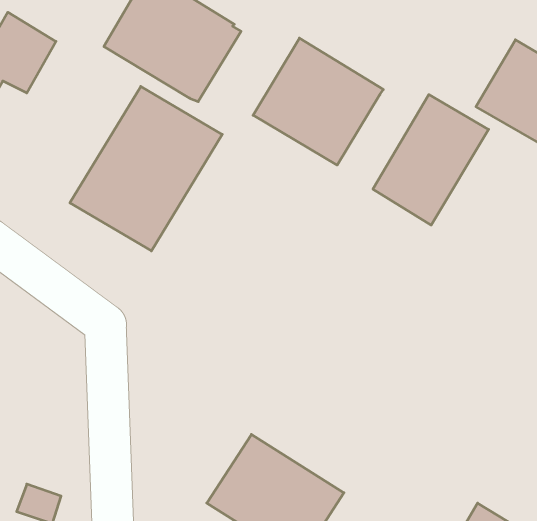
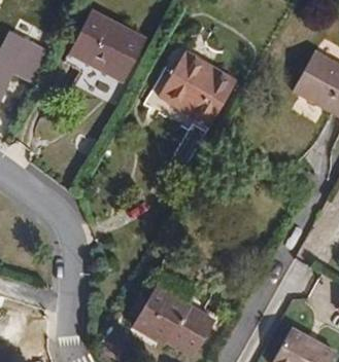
building: [70,86,222,251] -> none
building: [373,95,489,225] -> none

